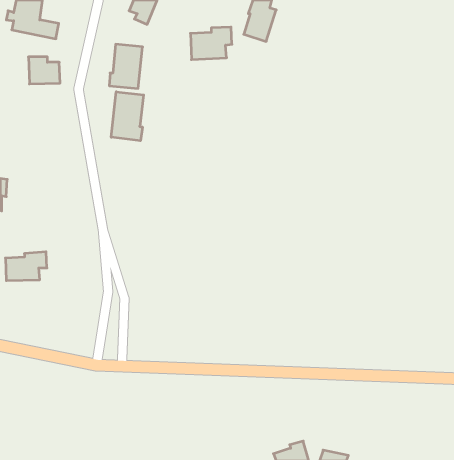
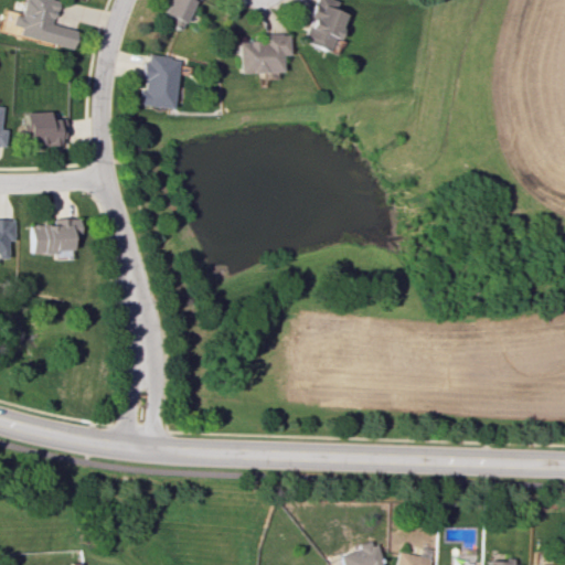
building: [28,57,60,84] -> [30,113,68,146]
building: [111,92,144,141] -> none
building: [5,252,47,281] -> [32,217,83,253]

